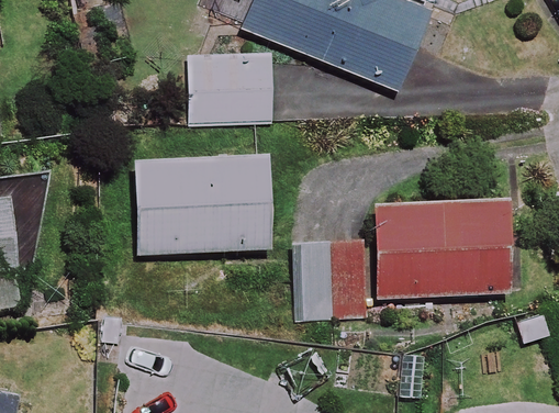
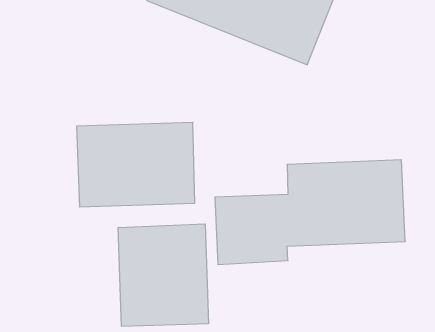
building: [190,53,273,124] -> none
building: none -> [118,224,208,326]

